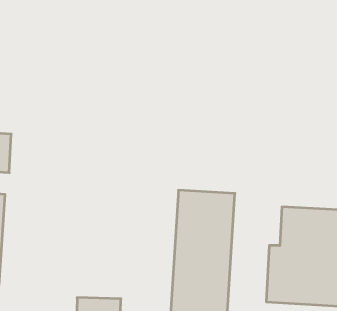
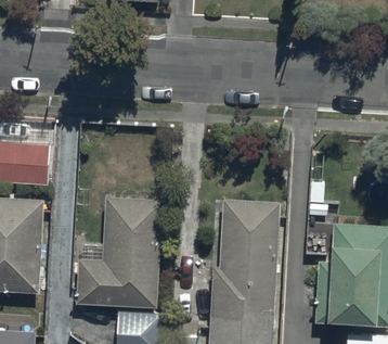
building: none -> [74,198,166,311]

